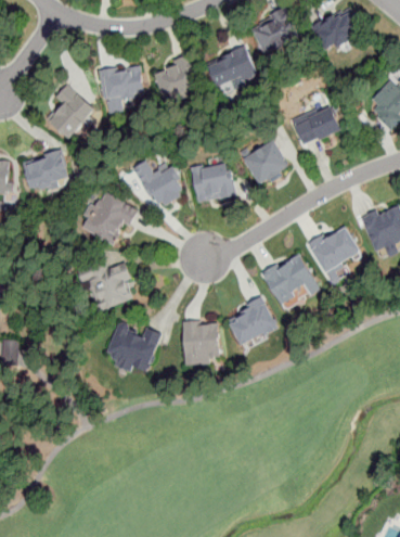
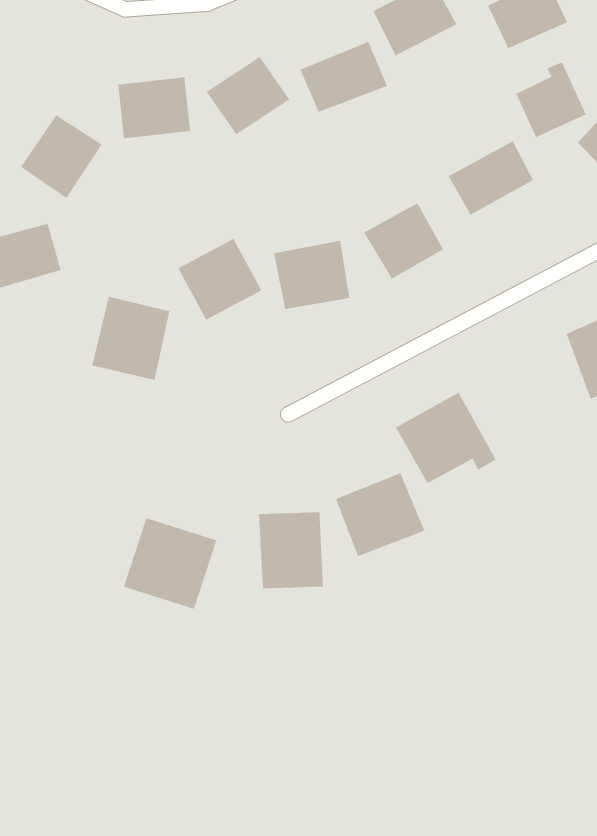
building: none -> [516,62,587,138]
building: [307,222,361,273] -> none
building: [83,259,134,311] -> none

